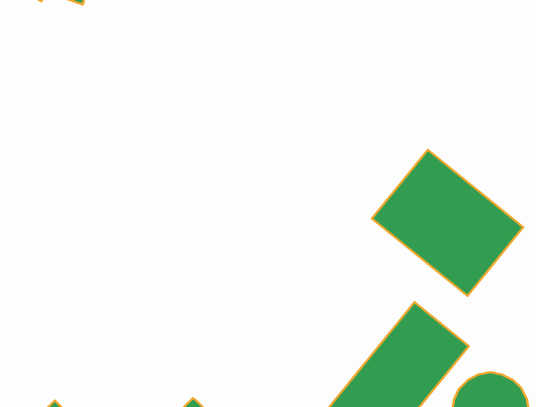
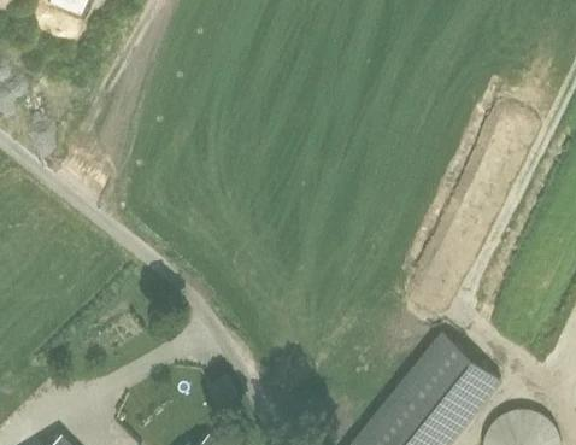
building: [372,150,523,296] -> none

